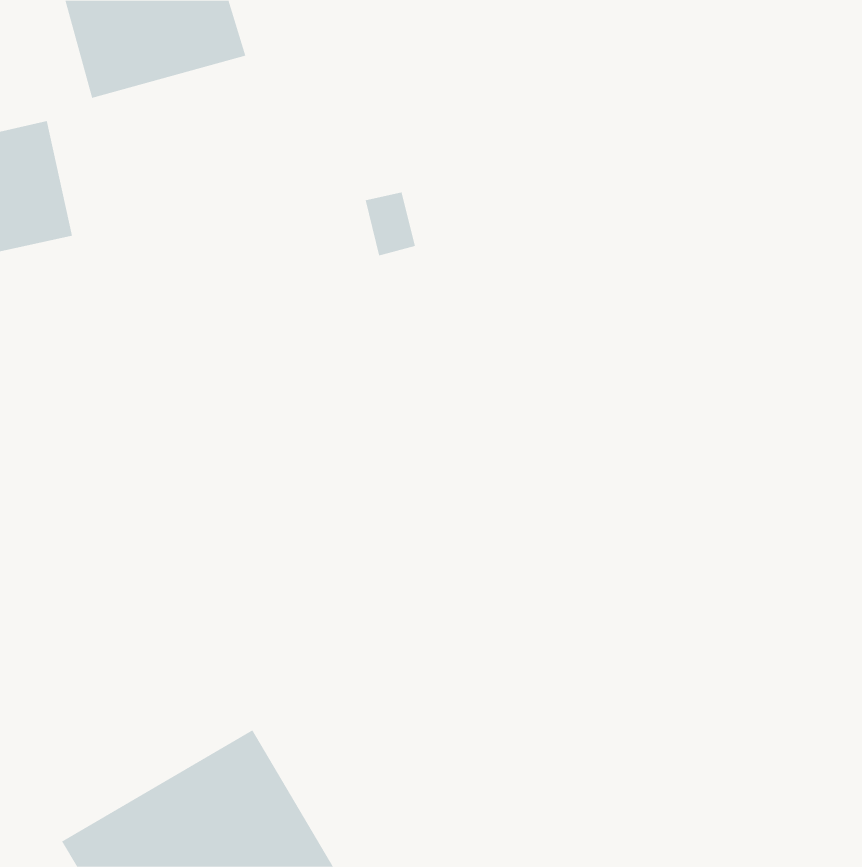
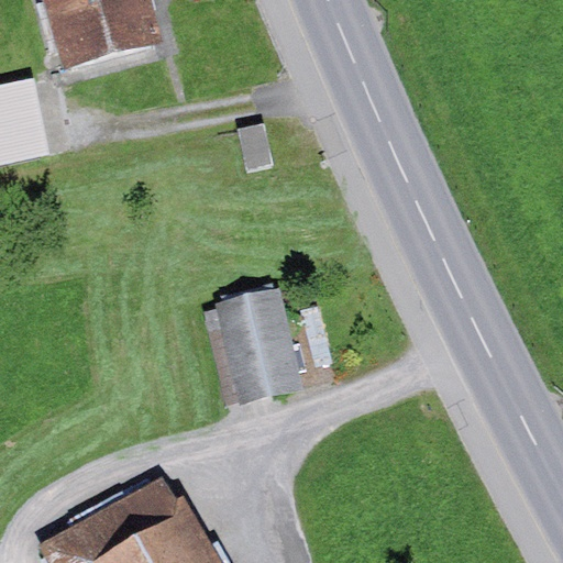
building: none -> [214,289,301,396]

